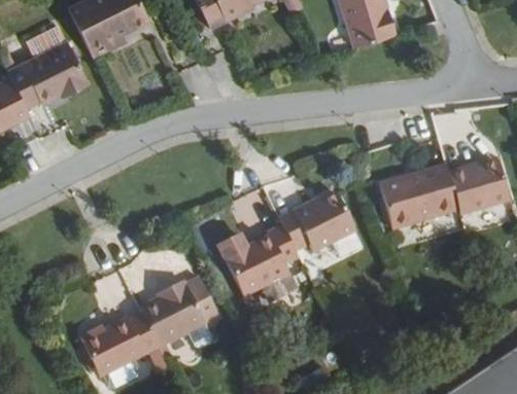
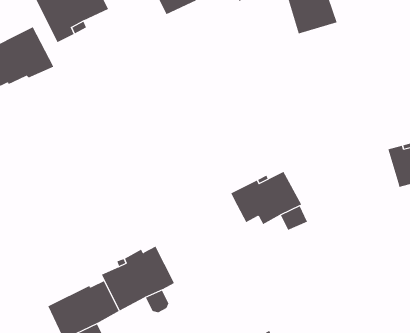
building: [380,166,459,228] -> none
building: [219,225,300,298] -> none

